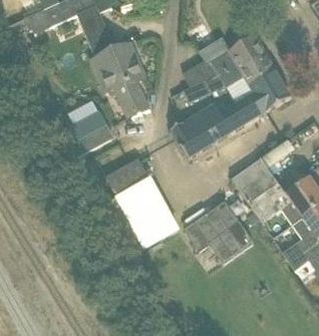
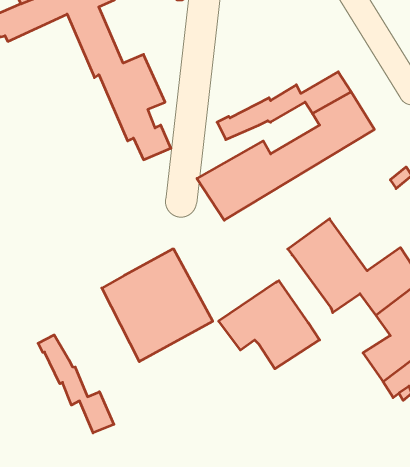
building: [184,34,267,86] -> none
building: [64,111,111,156] -> none
building: [106,156,151,196] -> none
building: none -> [38,335,114,433]

